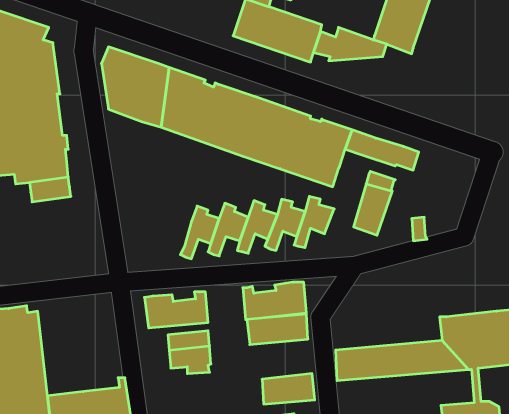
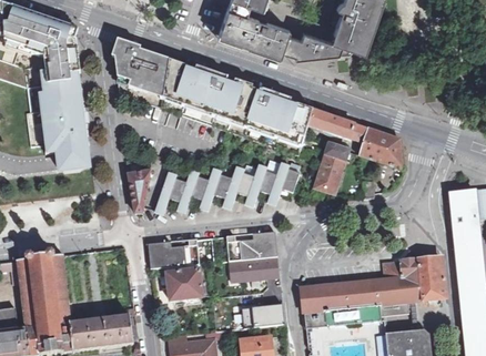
building: none -> [360,126,404,167]
building: none -> [129,171,151,212]
building: none -> [155,172,186,214]

